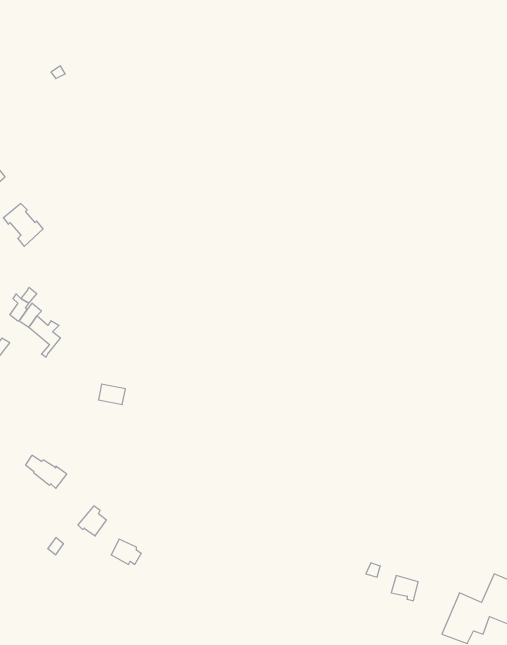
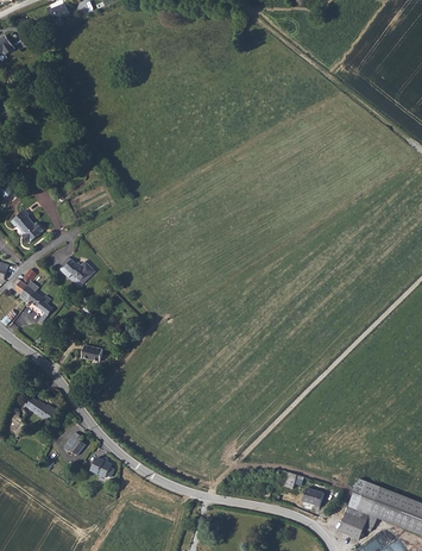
building: none -> [56,256,94,283]

